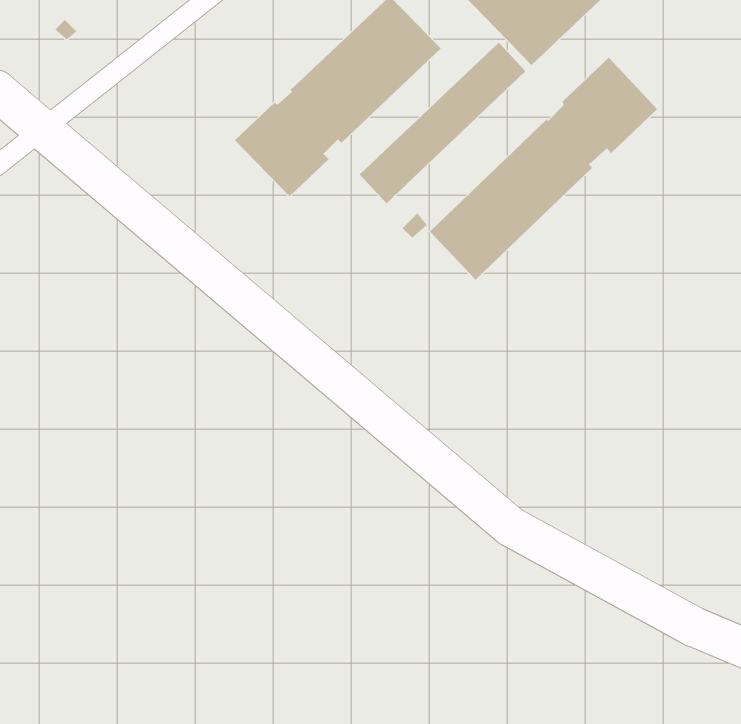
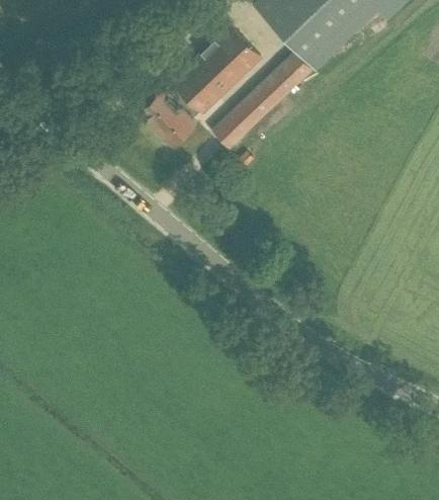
building: [429,57,658,281] -> none

